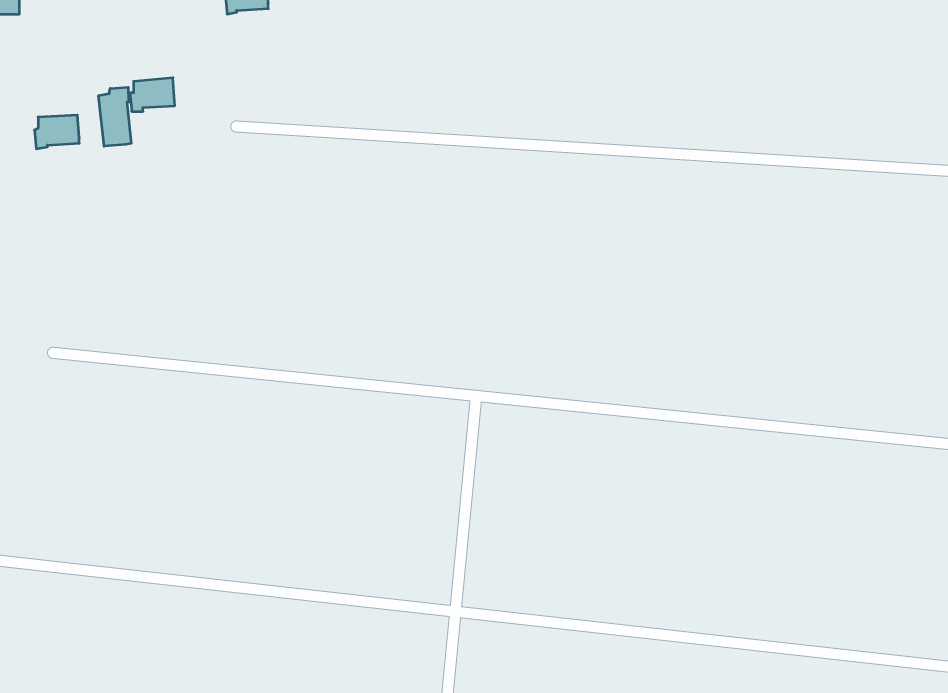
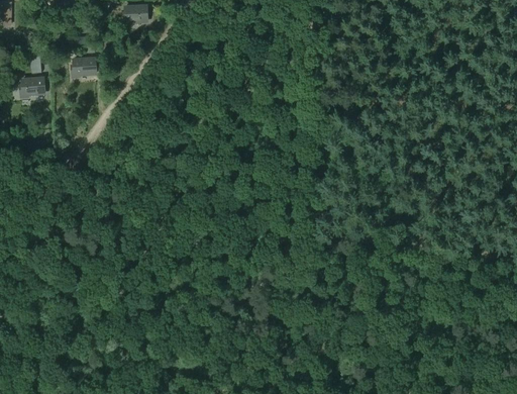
building: [99,87,131,146] -> none

